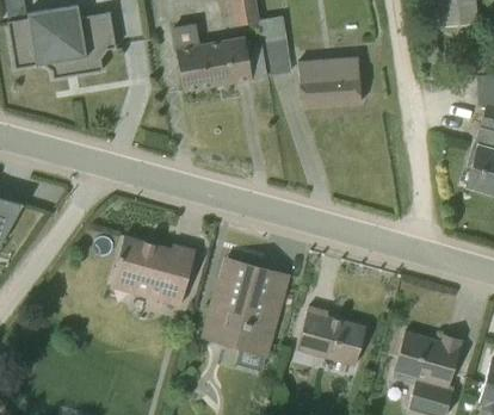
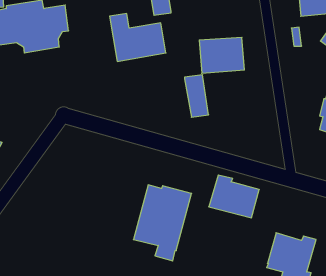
building: [259,16,292,75] -> [185,75,209,117]
building: [111,235,196,305] -> none
building: [296,305,366,365] -> [209,175,259,218]

